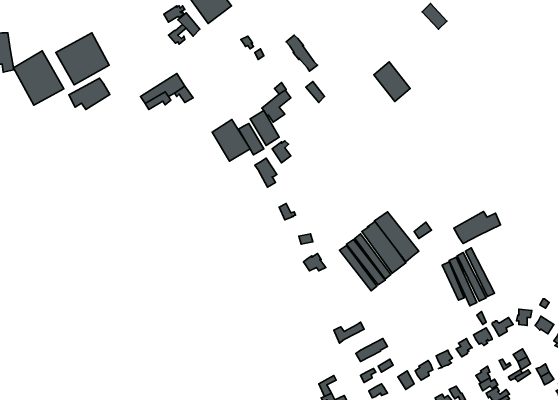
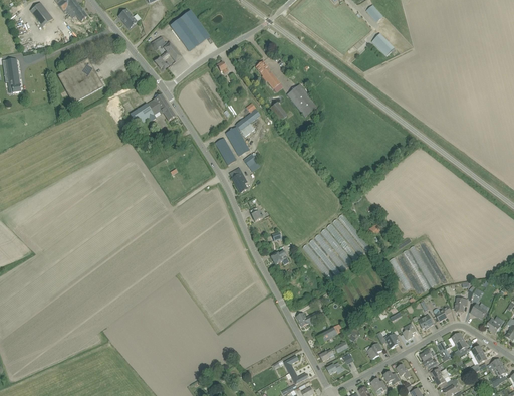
building: [13,51,64,105] -> none
building: [374,62,410,101] -> [286,82,317,117]
building: [69,78,110,109] -> none
building: [212,119,250,161] -> none
building: [454,212,500,243] -> none

